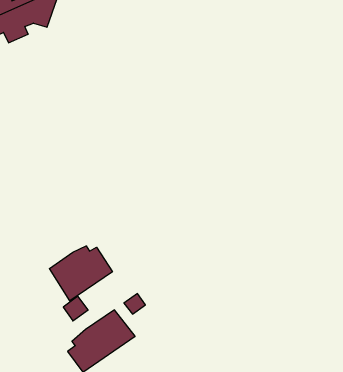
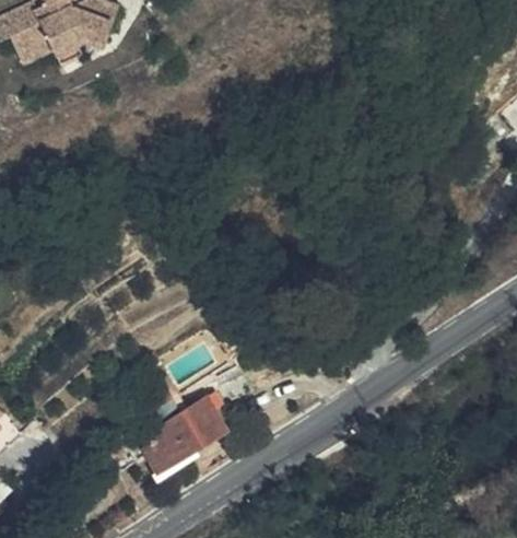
building: [49,246,112,301] -> none

